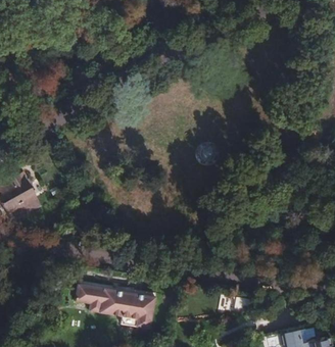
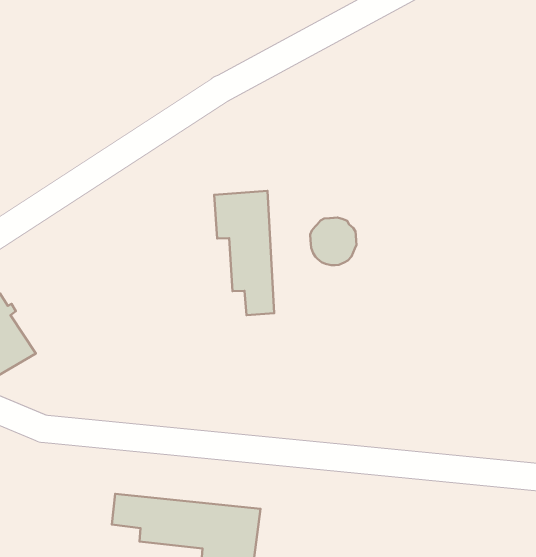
building: none -> [214,191,274,315]

